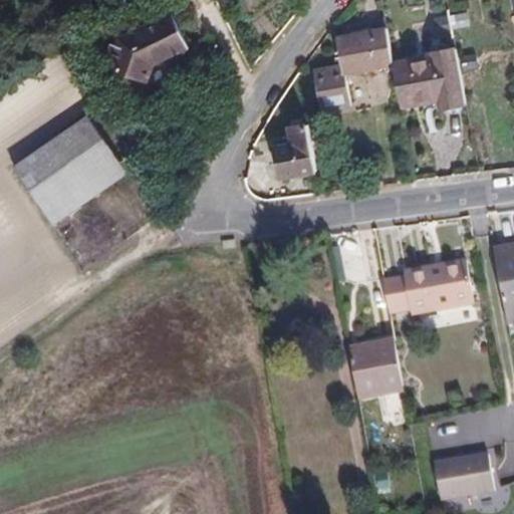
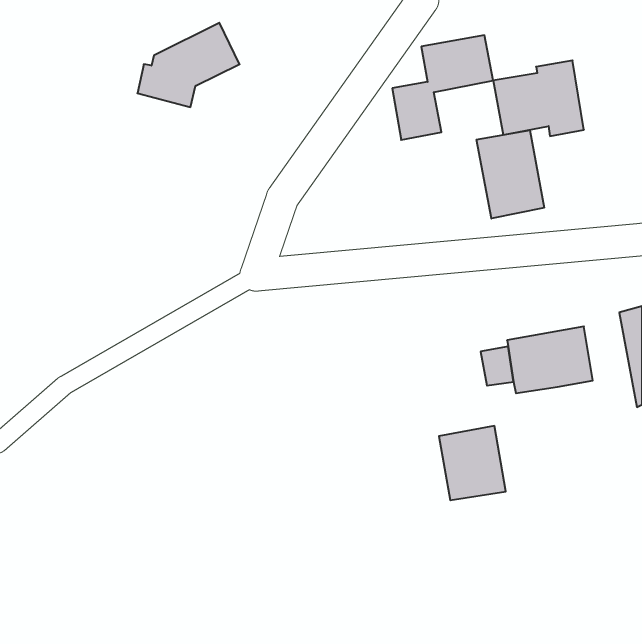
building: none -> [477,130,544,219]
building: [7,115,119,222] -> none
building: [274,123,315,179] -> none
building: [434,454,493,500] -> none

